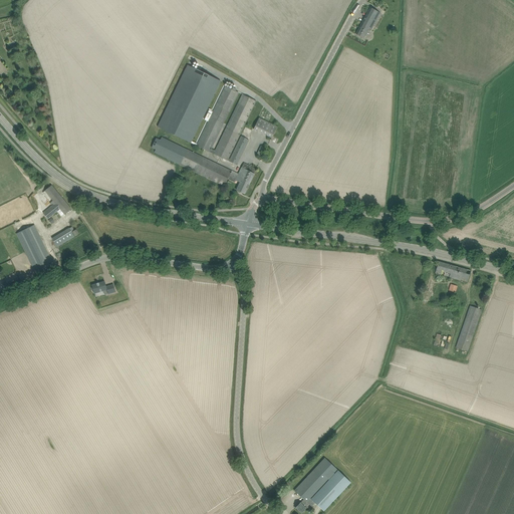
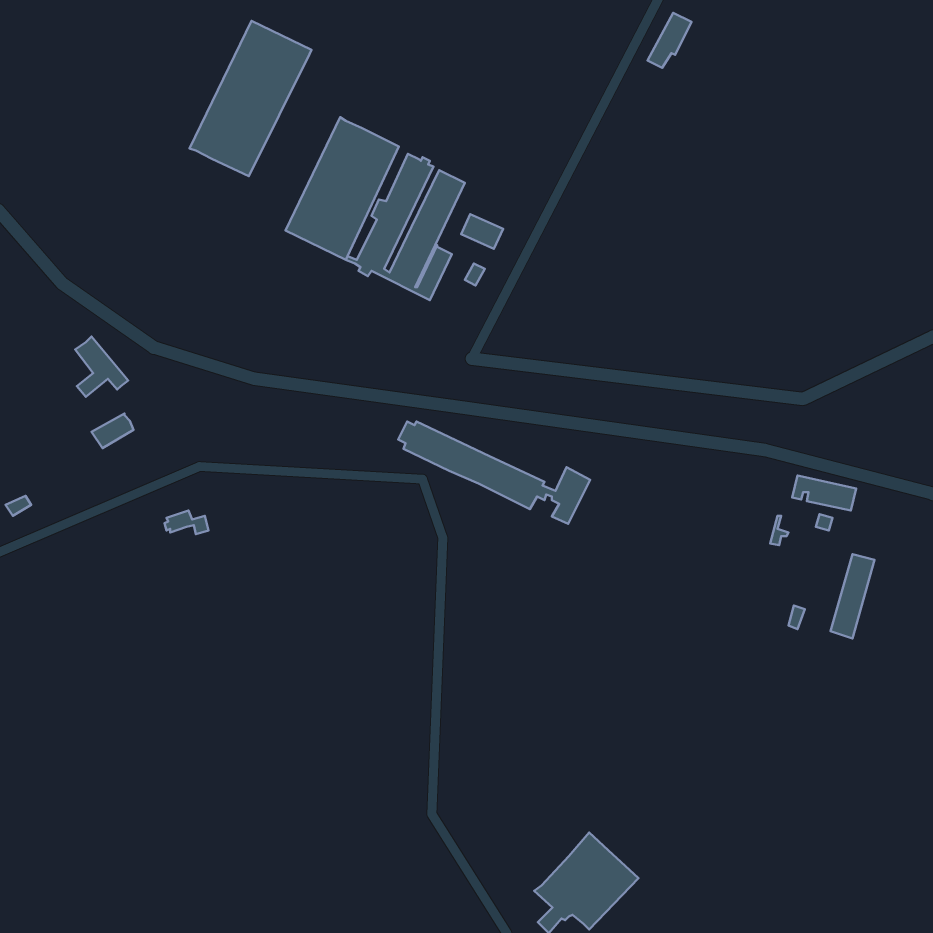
building: none -> [190,21,312,176]
building: [151,137,256,193] -> [398,421,590,524]
building: [16,224,51,269] -> none

